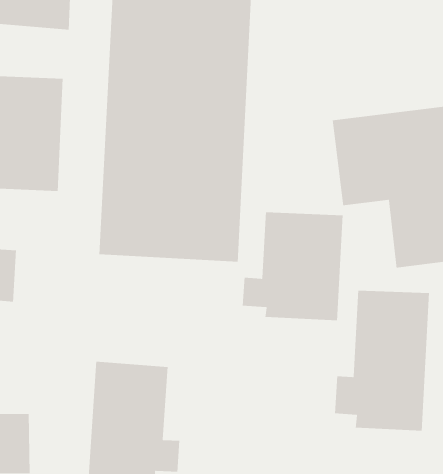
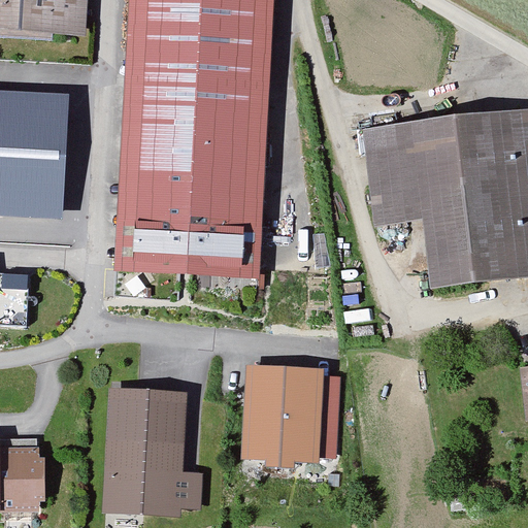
building: [242,212,344,321] -> none
building: [334,290,430,431] -> none
building: none -> [240,364,324,464]

